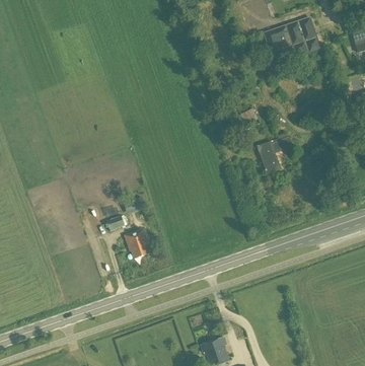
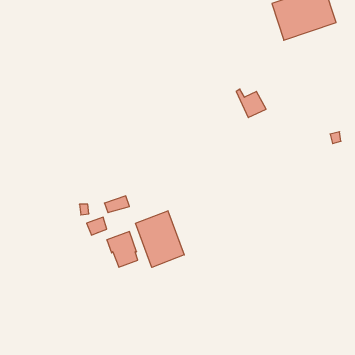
building: [257,136,292,172] -> none
building: none -> [136,211,184,267]

